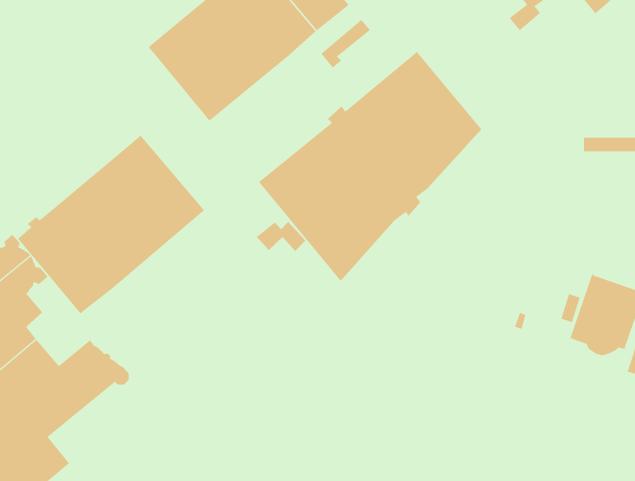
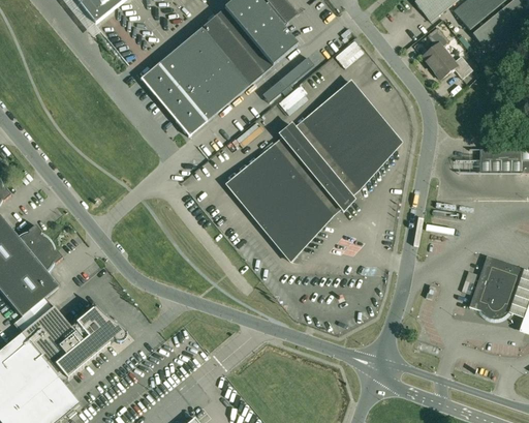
building: none -> [429,51,471,79]
building: [17,135,205,314] -> none
building: [256,221,306,252] -> none

